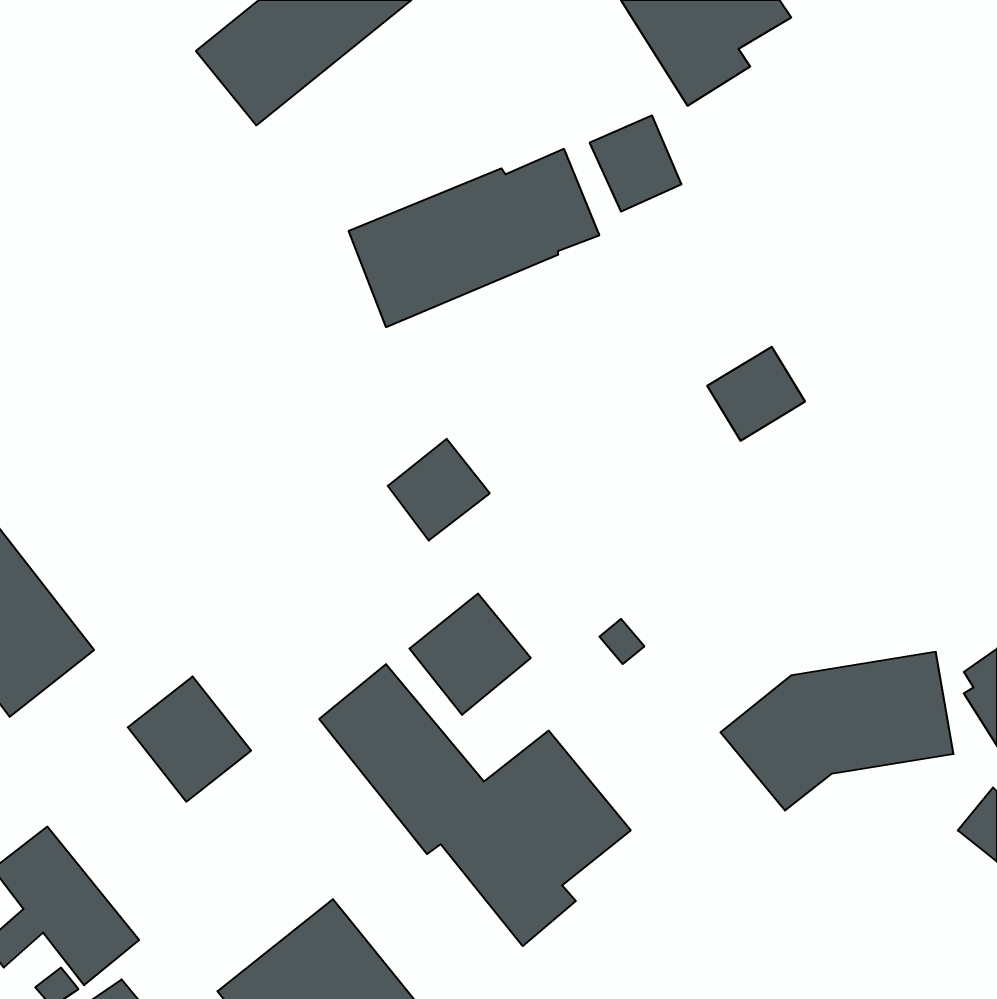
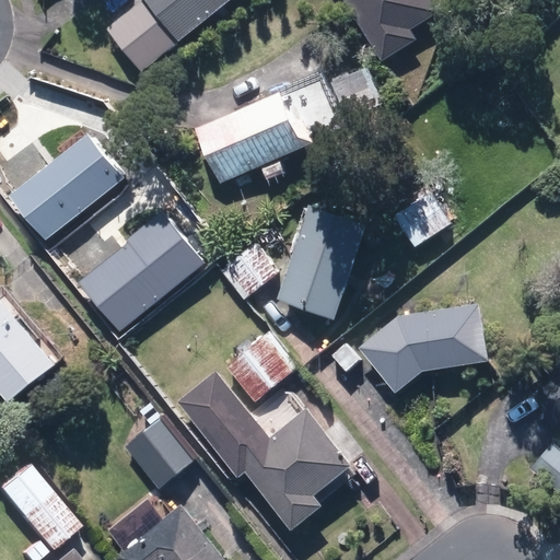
building: none -> [8,138,118,240]
building: none -> [77,209,203,330]
building: none -> [270,209,360,324]
building: [720,652,954,811] -> [360,303,490,392]
building: [128,676,251,802] -> [127,416,196,486]

